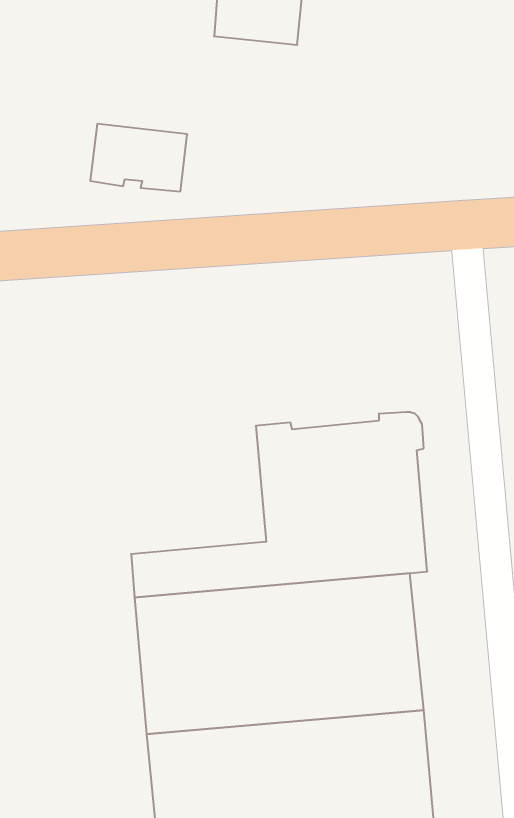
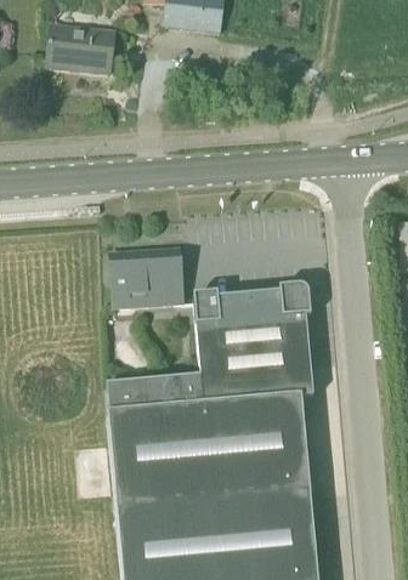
building: [90,124,187,191] -> [47,27,115,74]
building: none -> [110,251,182,308]

